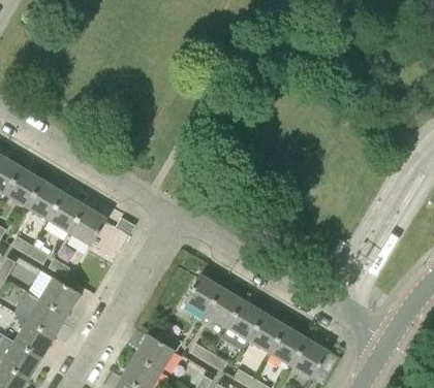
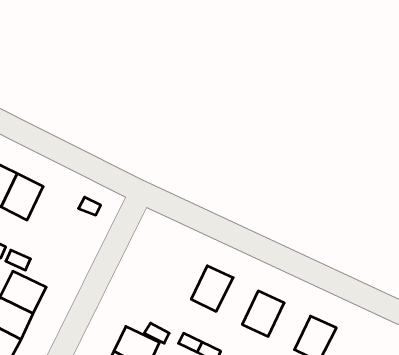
building: [69,205,107,246] -> none
building: [184,273,222,315] -> none
building: [222,299,265,347] -> none
building: [270,325,308,366] -> none

